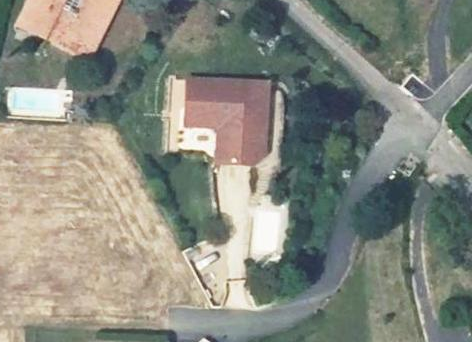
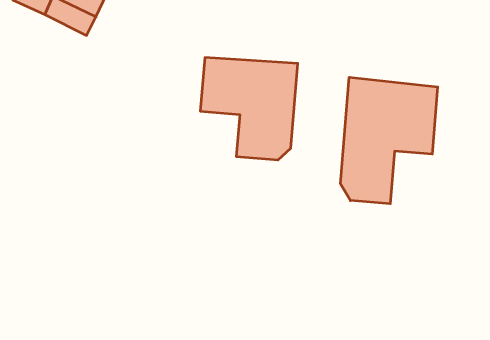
building: none -> [341,77,438,204]

